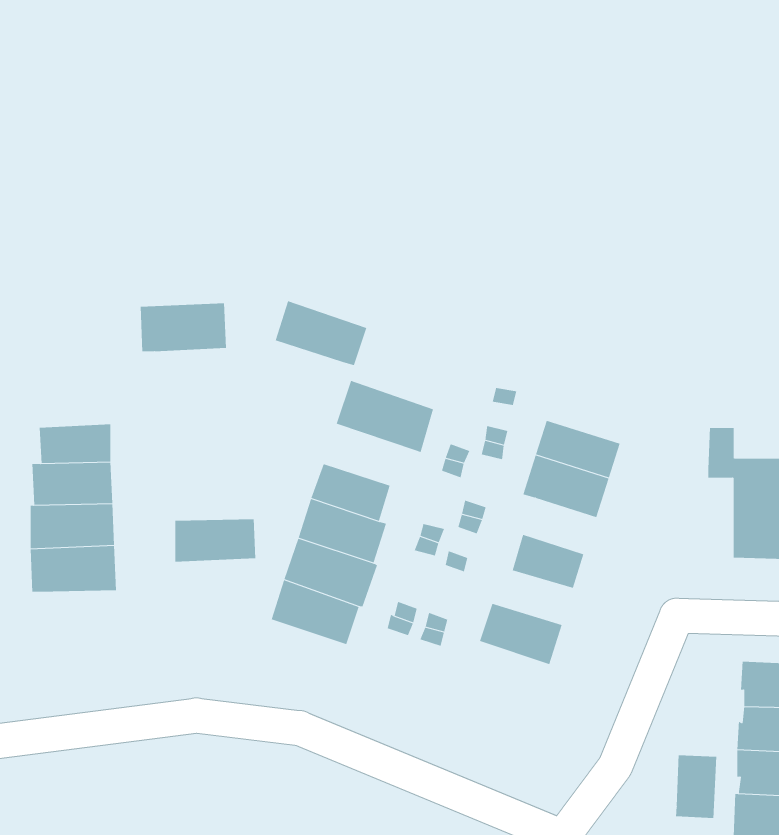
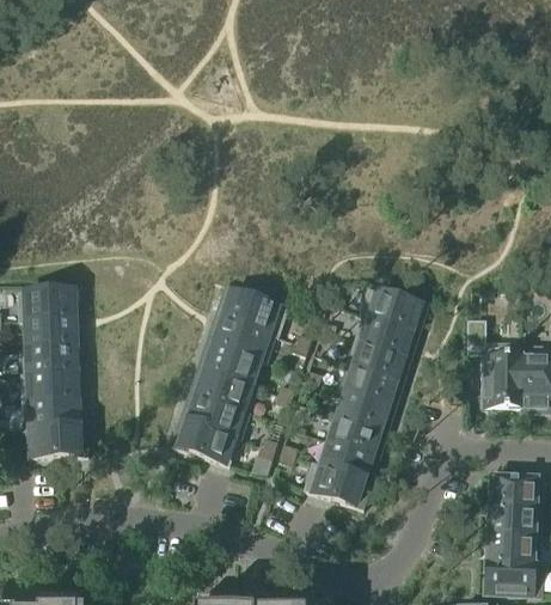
building: [275,301,367,366] -> [215,318,276,361]
building: [140,303,227,352] -> [18,288,75,320]
building: none -> [360,286,420,331]
building: none -> [347,367,396,404]
building: [175,519,256,562] -> [26,428,80,457]
building: none -> [326,412,380,451]
building: none -> [304,460,365,505]
building: [675,755,717,819] -> none

